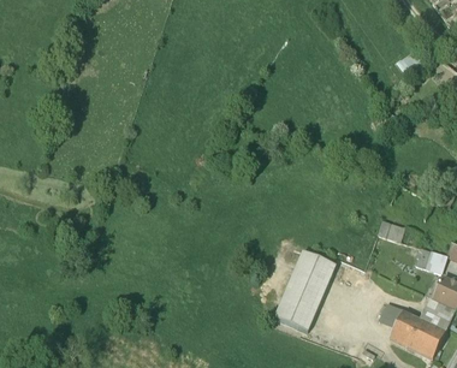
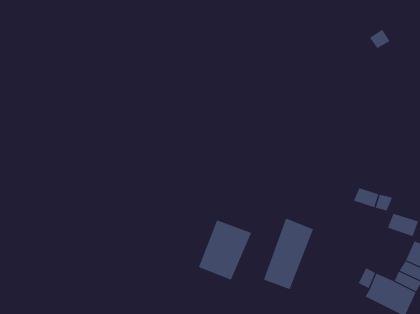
building: none -> [198,219,252,281]

